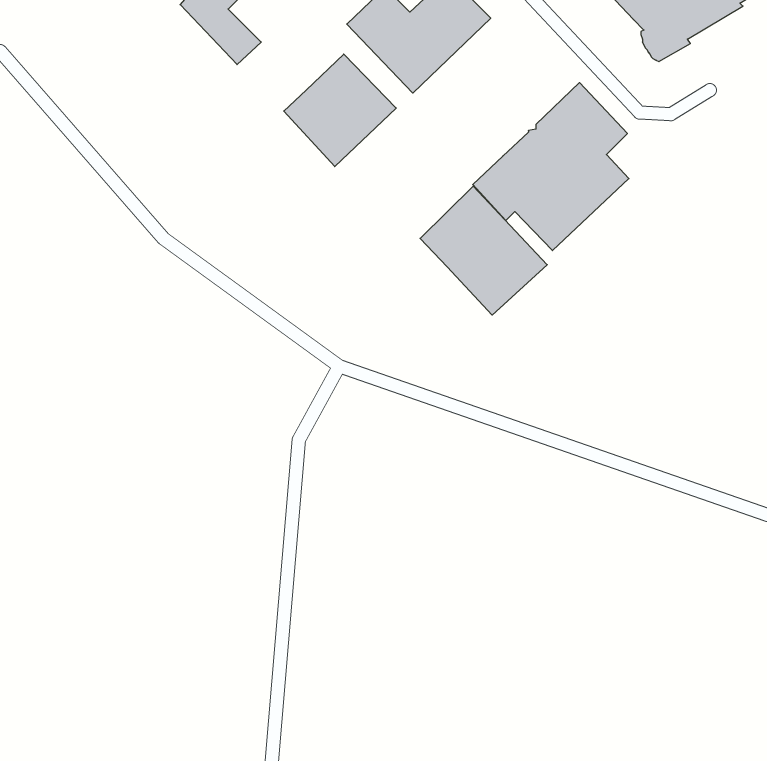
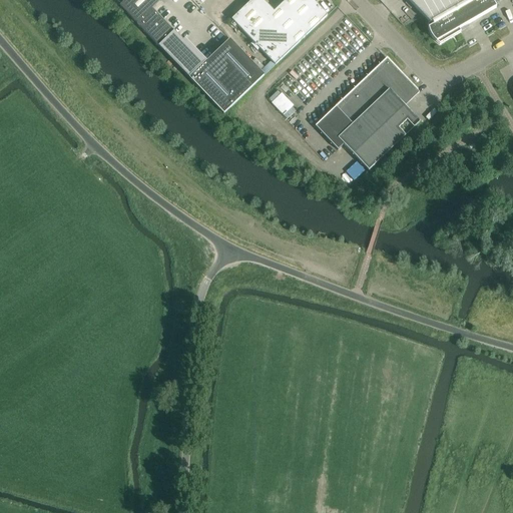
building: none -> [158,28,204,74]
building: [420,186,547,315] -> none

